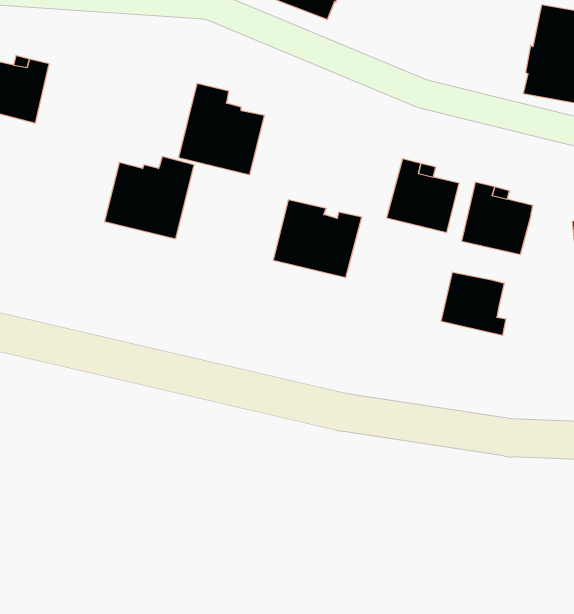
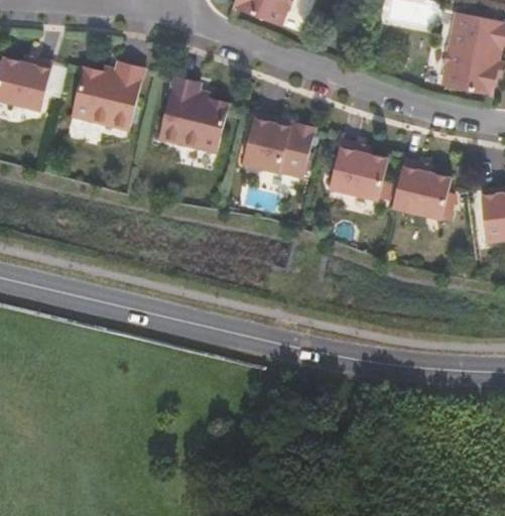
building: [104,156,194,239] -> [71,62,144,130]
building: [273,200,362,277] -> [243,114,315,177]
building: [441,272,506,336] -> none

